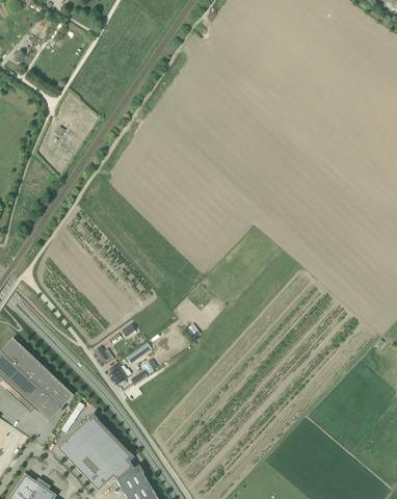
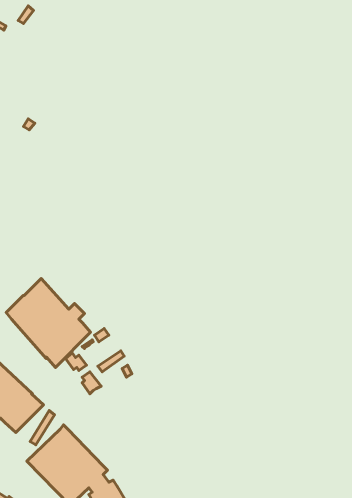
building: none -> [6,279,91,368]

